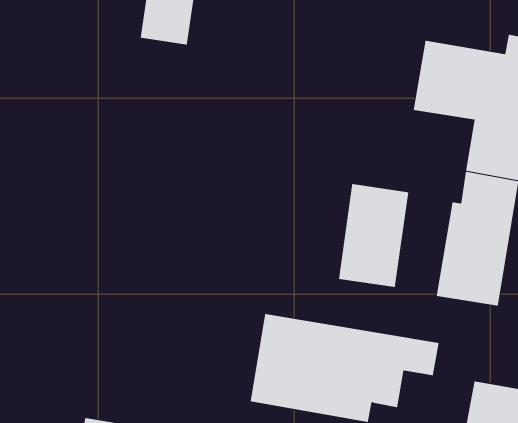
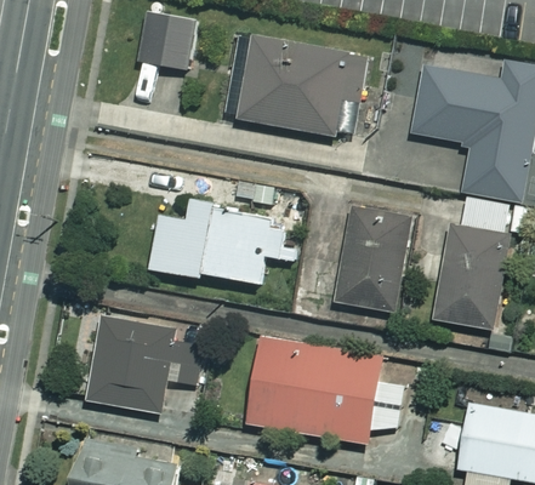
building: none -> [234,36,362,137]
building: none -> [152,202,298,287]
building: none -> [87,318,199,411]

